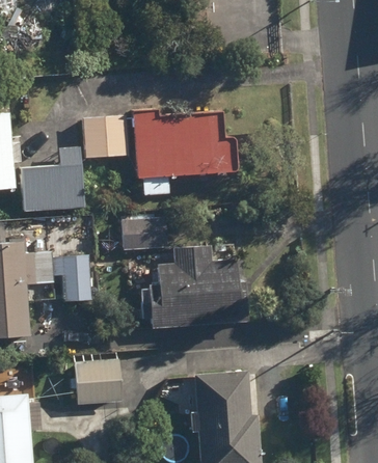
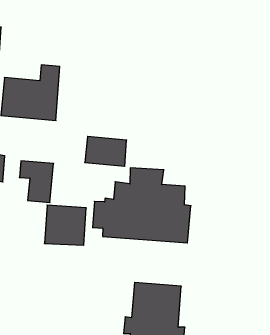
building: [132,110,238,195] -> none
building: [82,116,129,158] -> none
building: [75,359,122,405] -> [44,205,86,245]

